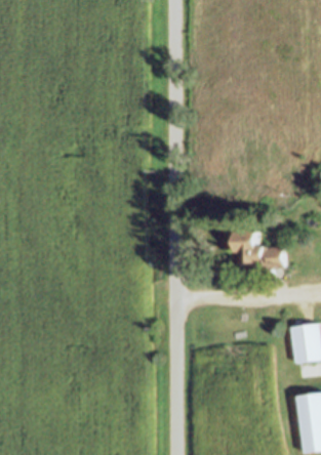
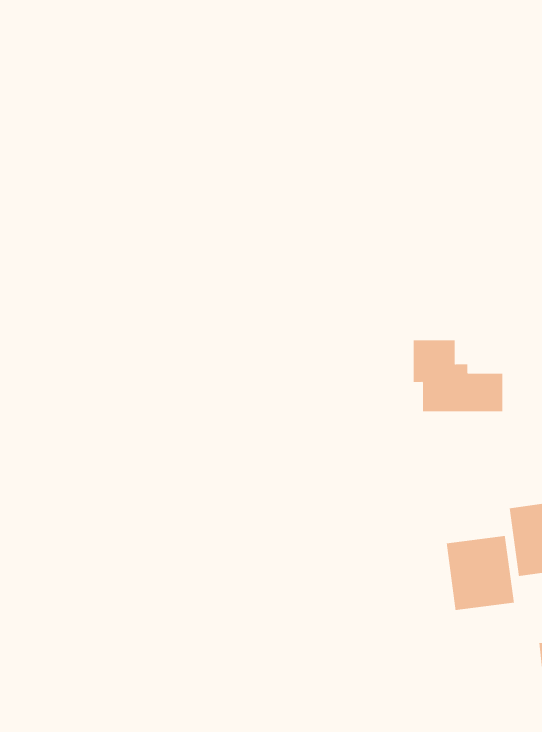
building: none -> [446,535,514,611]

